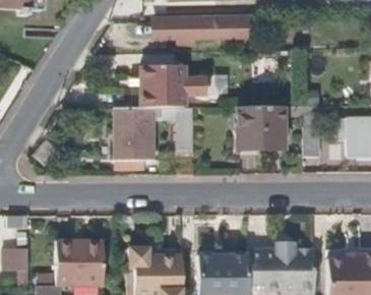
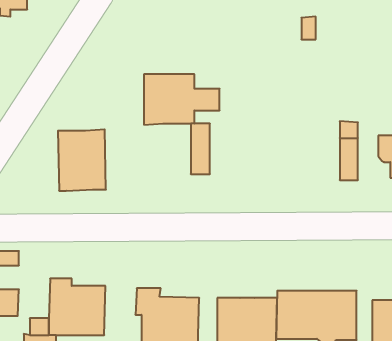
building: [158,19,251,42] -> none
building: [238,106,285,148] -> none
building: [115,107,156,159] -> [58,129,106,191]

